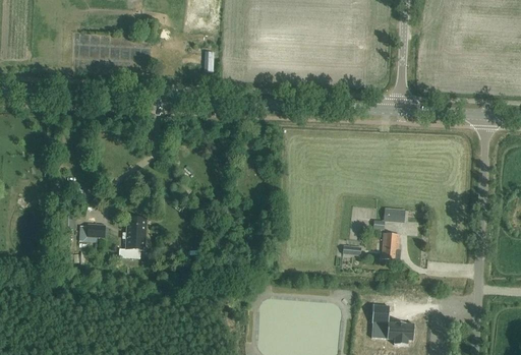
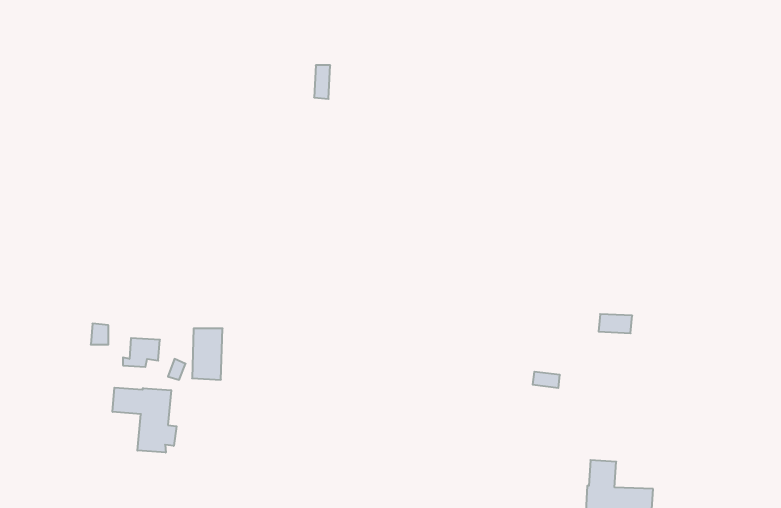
building: [381,234,399,260] -> none
building: none -> [113,388,177,453]

